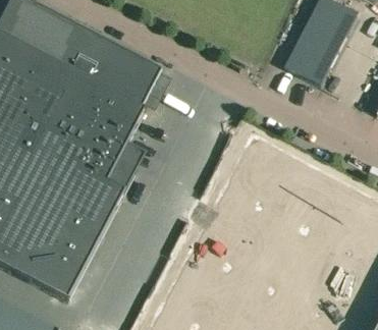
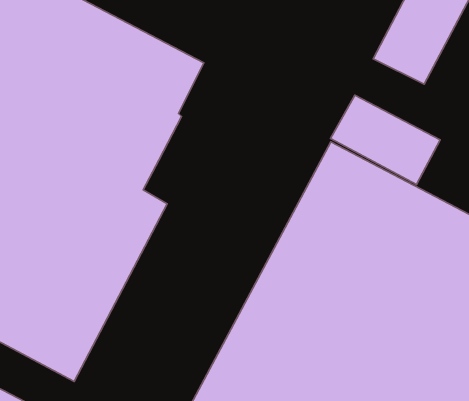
building: none -> [331,95,440,184]

